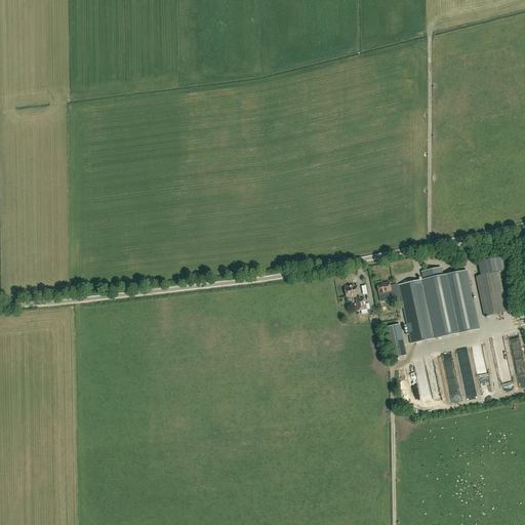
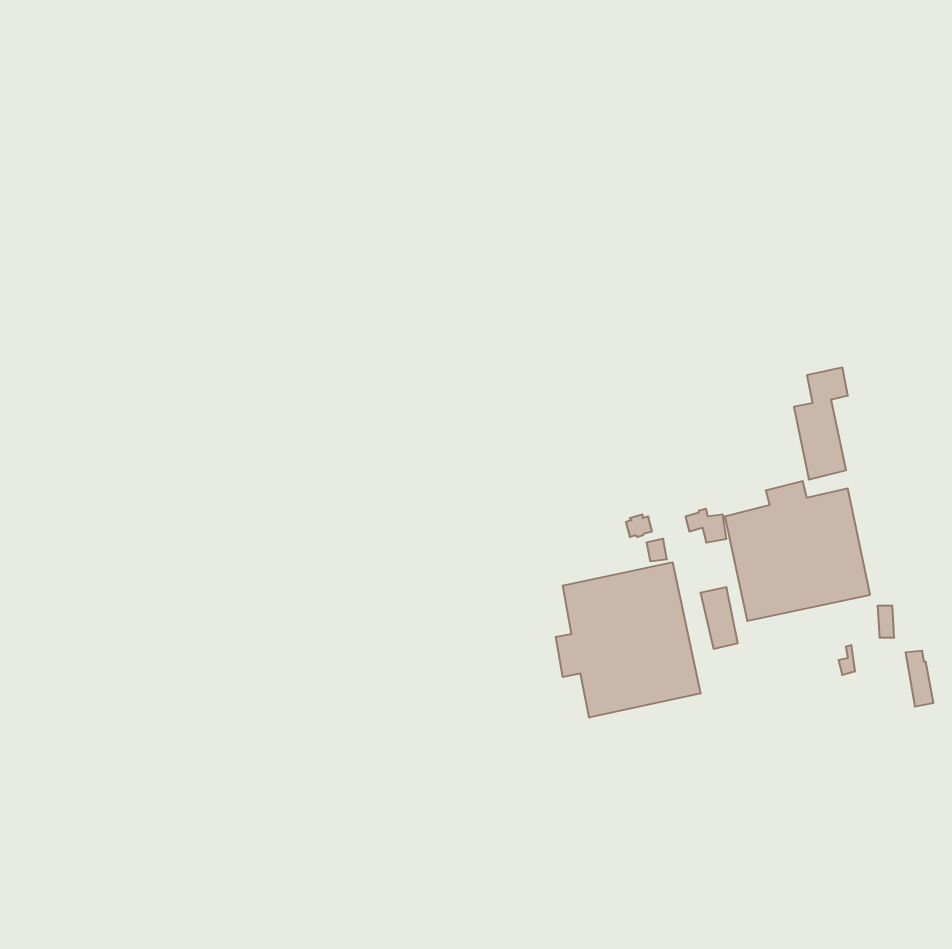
building: [476,253,506,315] -> [794,368,848,480]
building: none -> [556,562,701,718]

